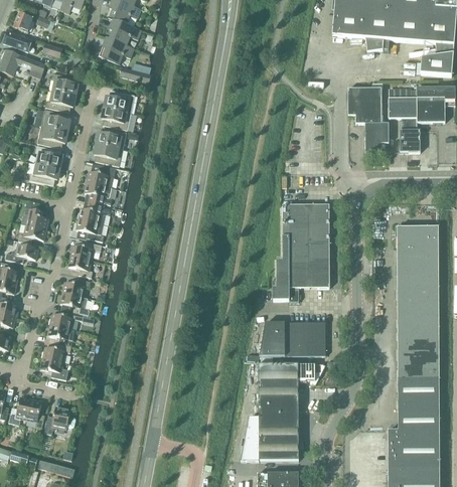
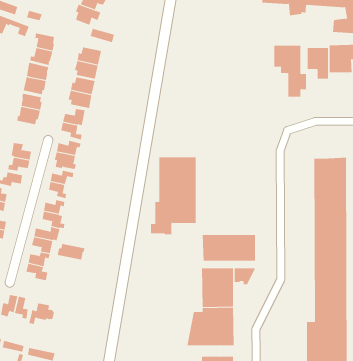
building: [399,130,420,151] -> none
building: [272,204,329,301] -> [150,157,197,235]
building: none -> [57,243,85,261]

